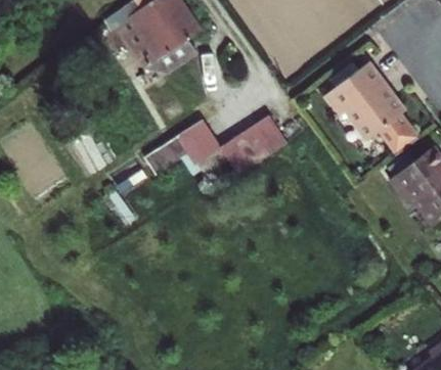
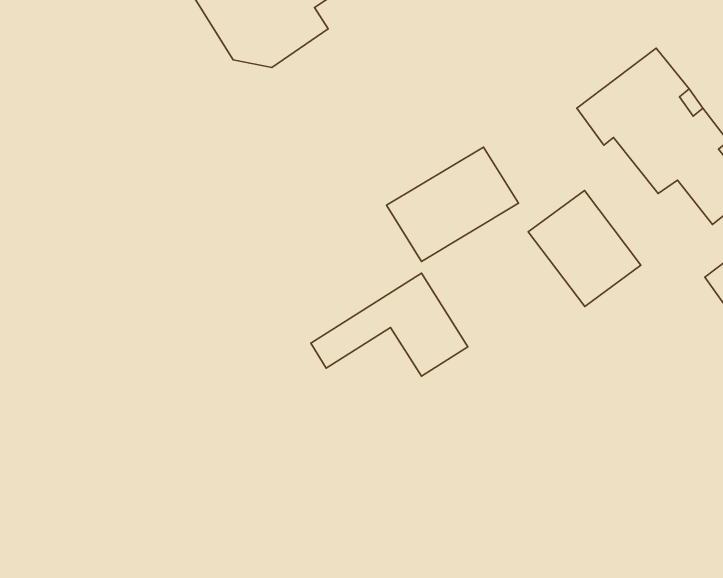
building: [144,121,227,175] -> [311,273,468,376]
building: none -> [528,191,641,307]

